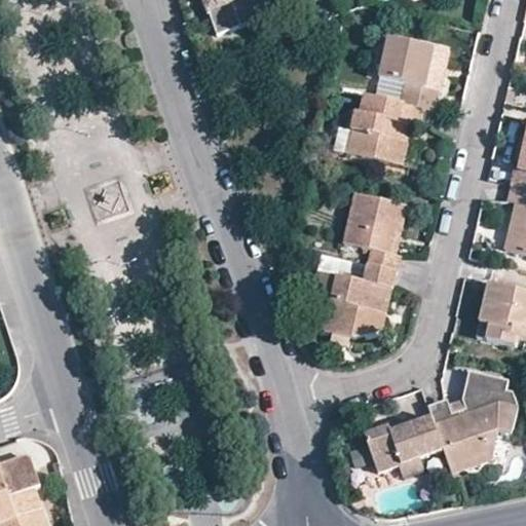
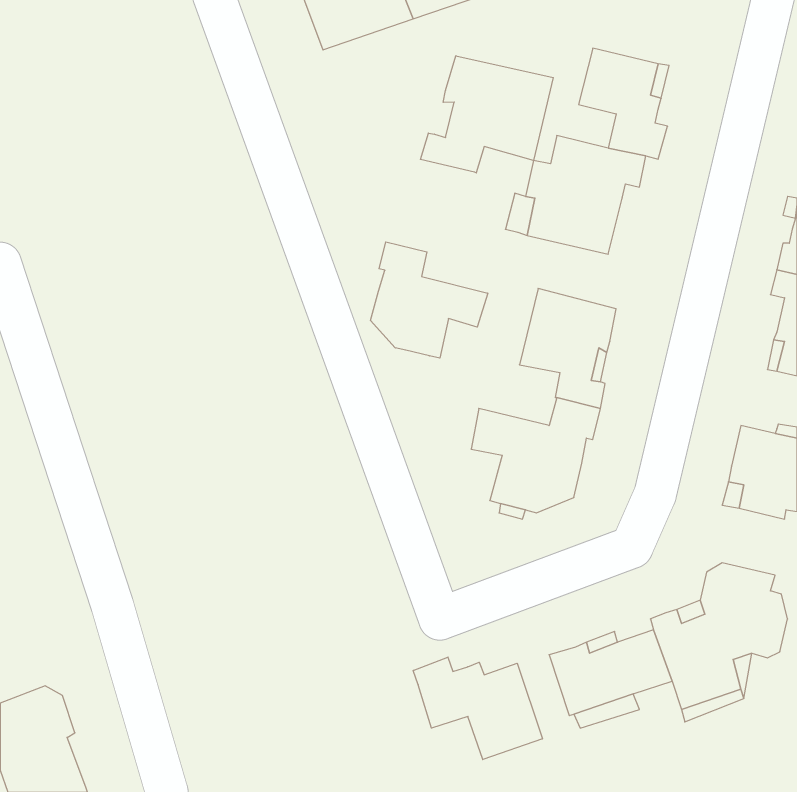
building: none -> [420,56,553,173]
building: none -> [370,242,488,358]
building: none -> [413,657,542,760]

